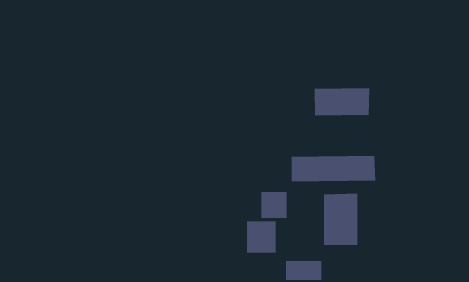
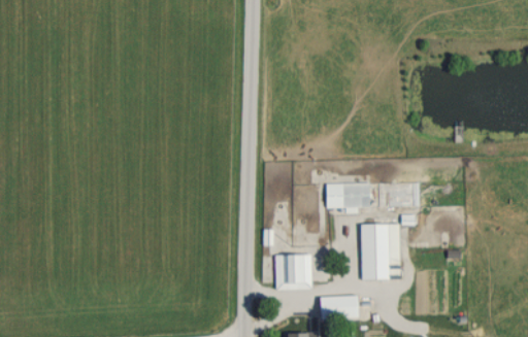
building: [314,87,370,116] -> none
building: [261,191,287,219] -> none

